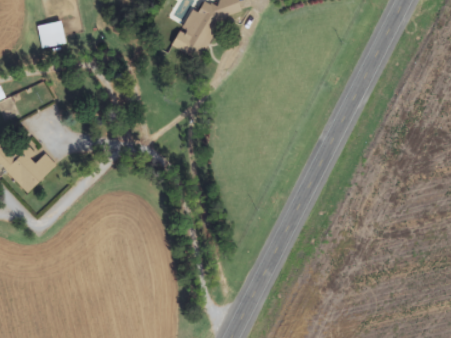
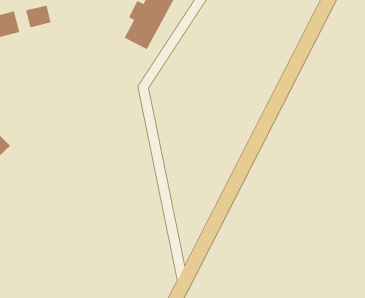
building: none -> [25,5,51,28]

